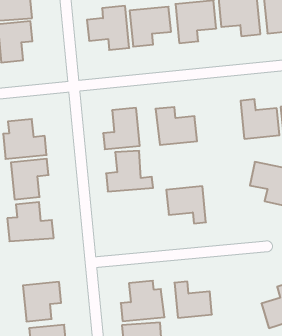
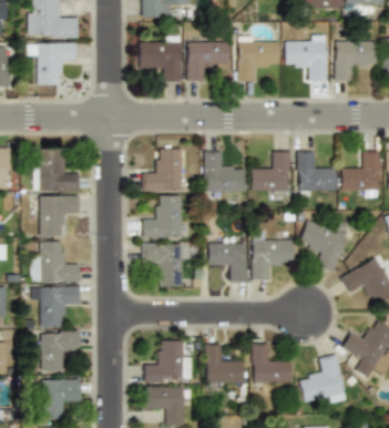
building: none -> [252,151,290,191]
building: none -> [252,232,294,279]
building: none -> [143,243,194,287]
building: none -> [40,287,80,326]
building: none -> [253,345,290,385]

